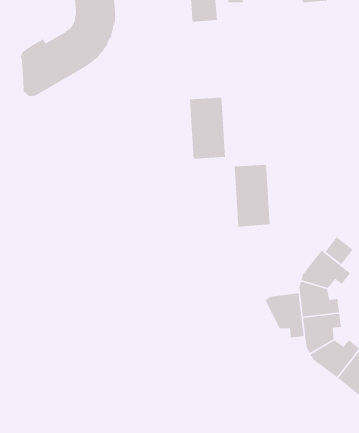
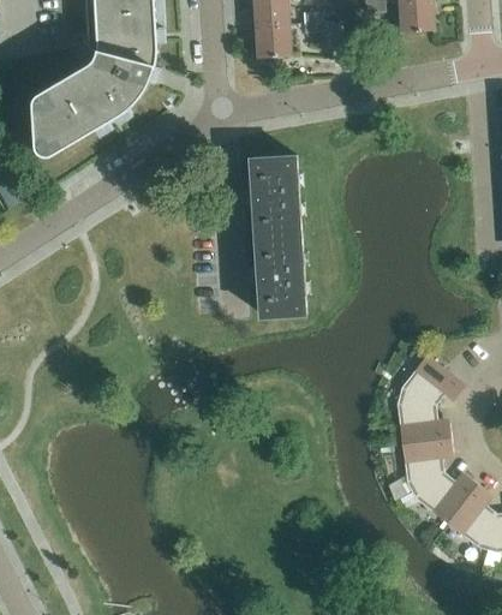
building: [234,164,271,228] -> [257,234,305,317]
building: [325,236,353,265] -> none
building: [264,293,305,338] -> none

